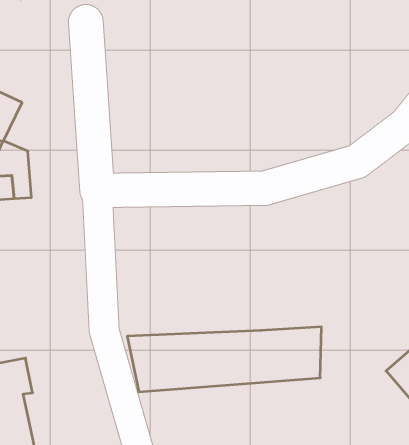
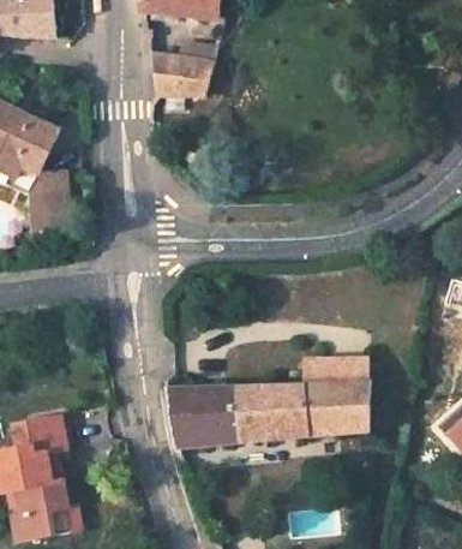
building: none -> [150,55,211,94]
building: none -> [304,354,366,382]

